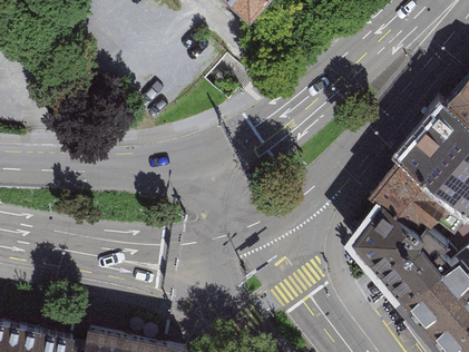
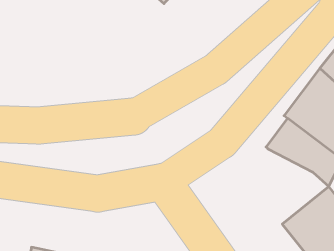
building: [346,204,450,297] -> none

